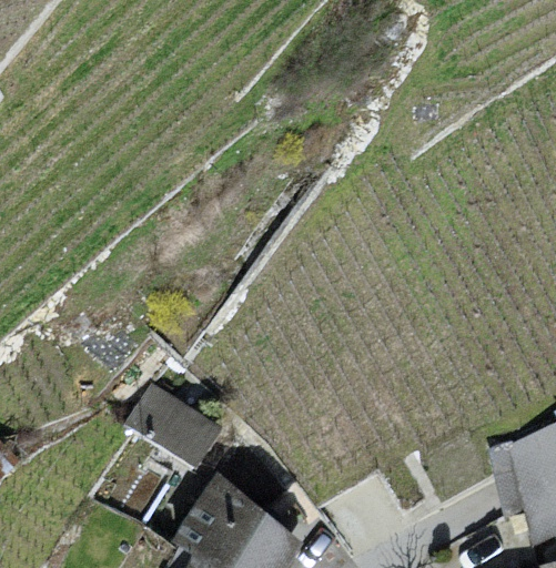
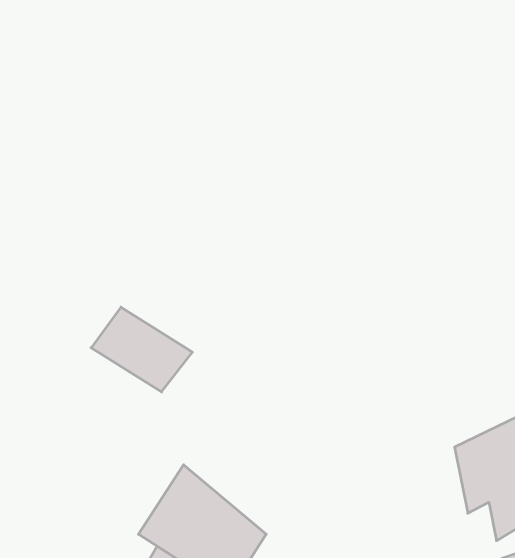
building: [122,383,224,468] -> [91,307,192,392]

